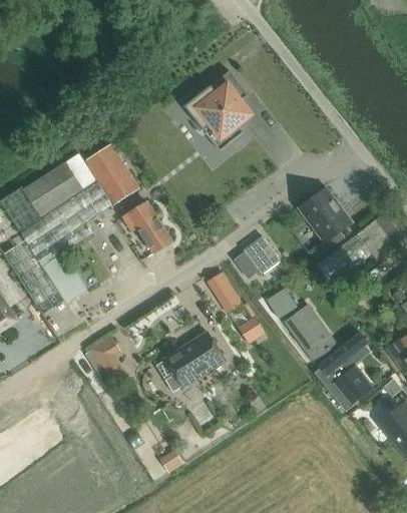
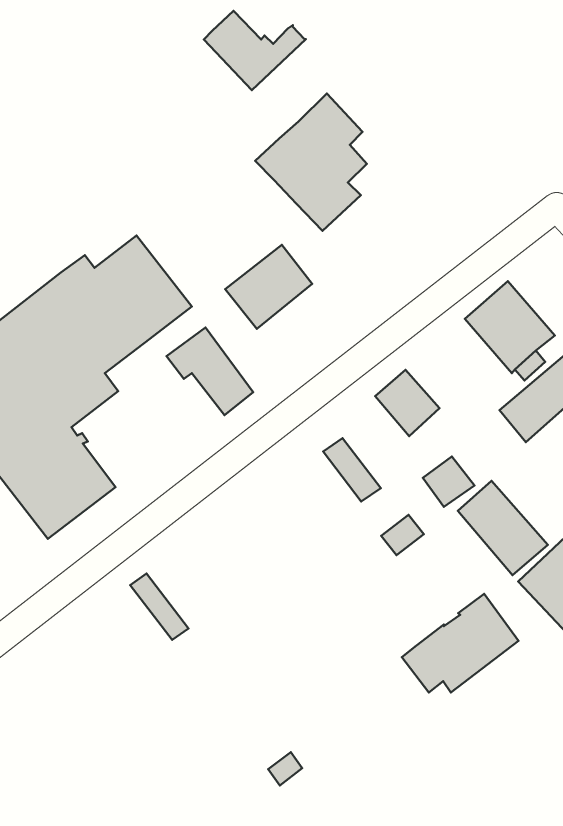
building: none -> [204,11,306,90]
building: none -> [225,245,312,329]
building: [155,332,225,388] -> [402,594,519,693]

